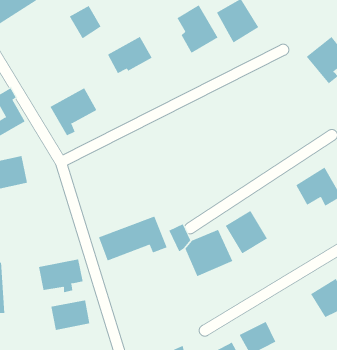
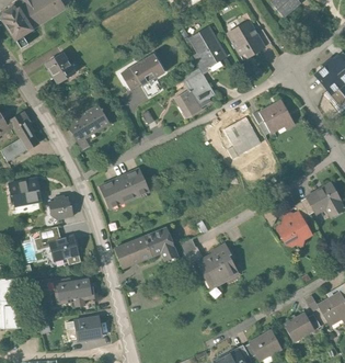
building: [69,5,102,39] -> [42,57,73,90]
building: none -> [173,75,214,122]
building: none -> [256,102,294,141]
building: none -> [220,116,263,161]
building: none -> [95,171,149,216]
building: none -> [48,188,74,220]
building: [225,210,268,254] -> [271,212,312,254]
building: none -> [49,231,80,260]
building: none -> [280,313,321,349]

